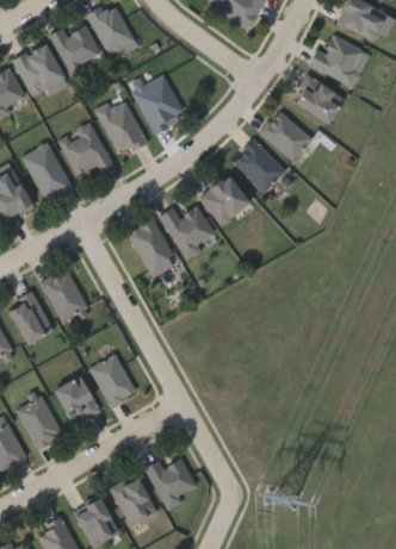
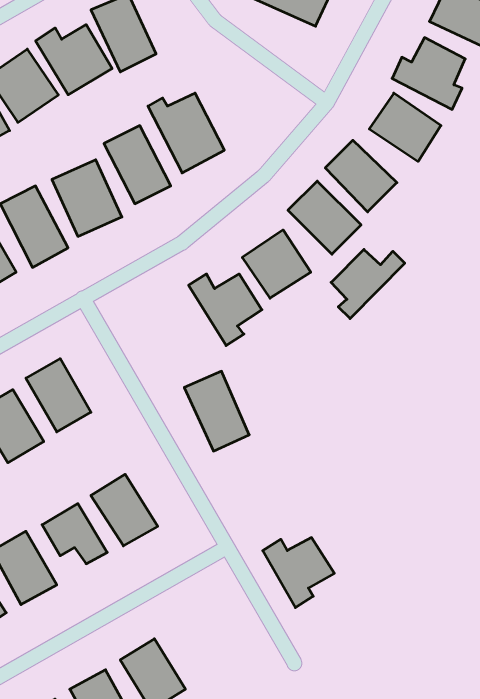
building: none -> [331,249,405,319]
building: [129,219,177,277] -> [184,371,249,451]
building: [144,458,197,510] -> [263,538,334,608]

